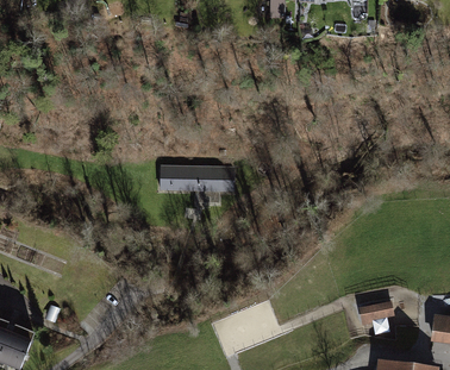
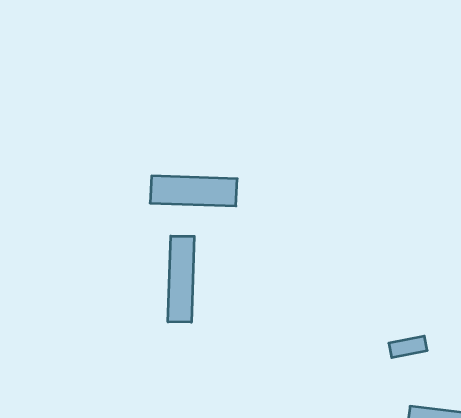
building: none -> [168,236,194,322]

